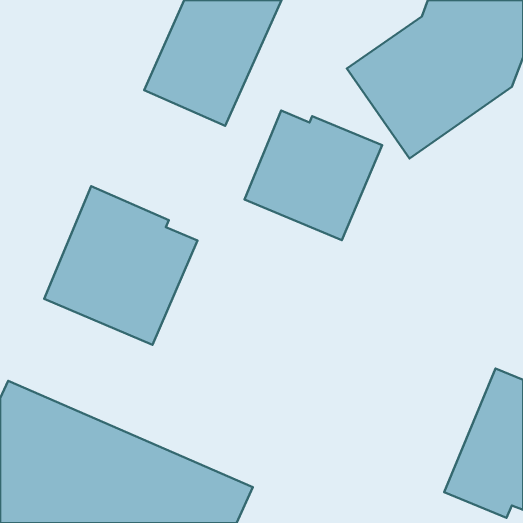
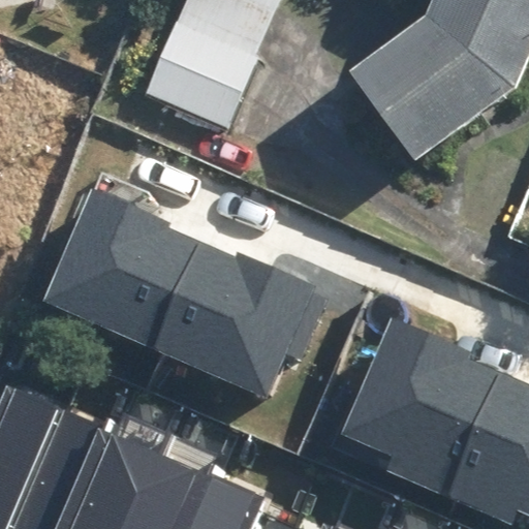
building: [244,110,382,240] -> none
building: none -> [154,243,324,397]
building: none -> [341,317,500,497]

